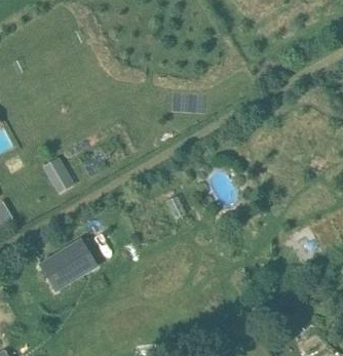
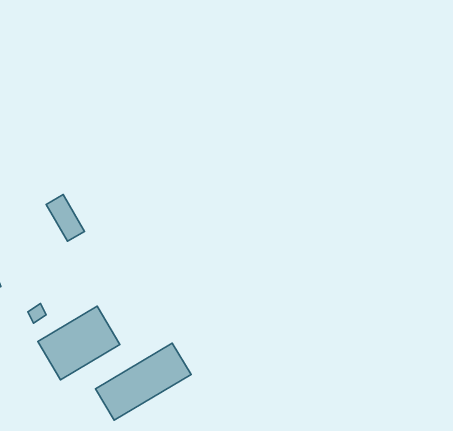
building: none -> [96,343,191,420]

